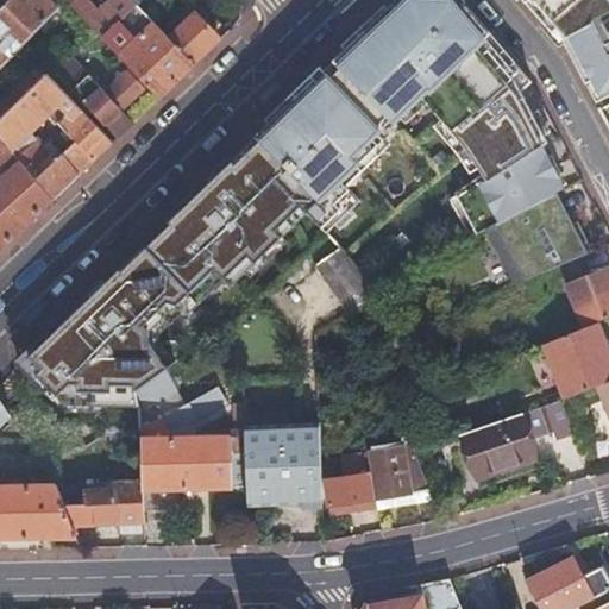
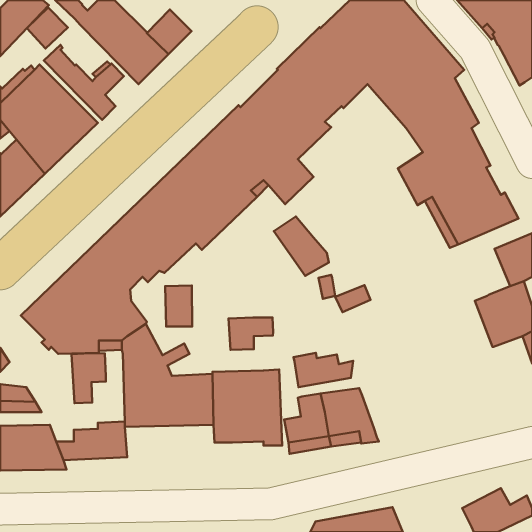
building: none -> [27,7,68,48]
building: none -> [165,286,192,327]
building: none -> [229,318,273,350]
building: [459,396,576,479] -> none
building: none -> [293,353,353,387]
building: none -> [71,353,106,403]

